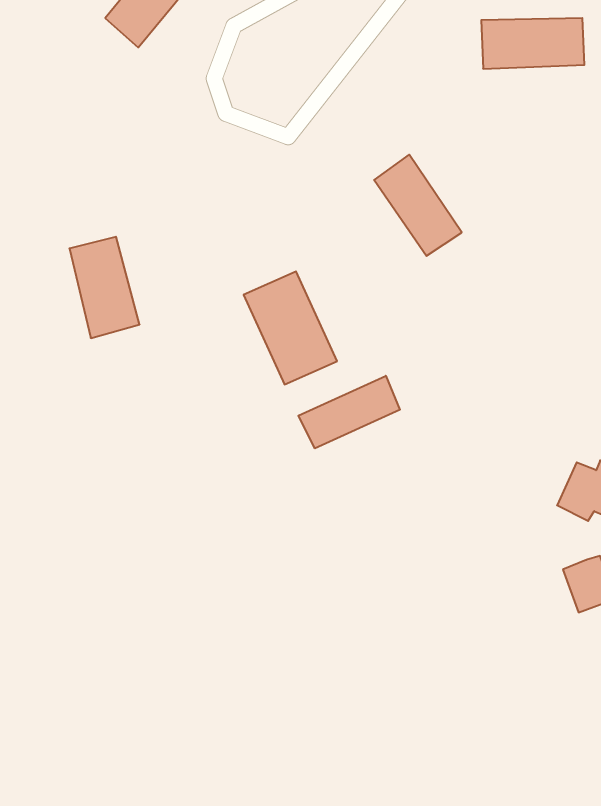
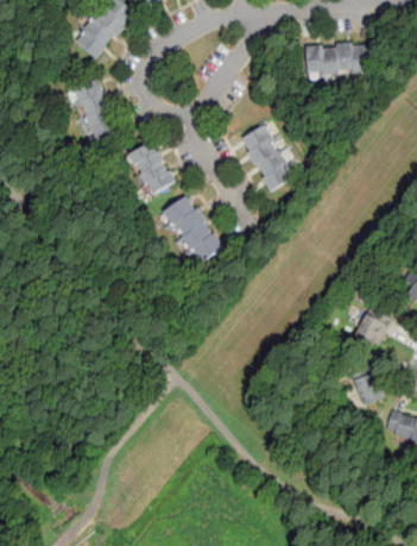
building: none -> [128,144,177,196]
building: [69,237,140,338] -> [75,83,118,145]
building: [298,376,400,448] -> none

